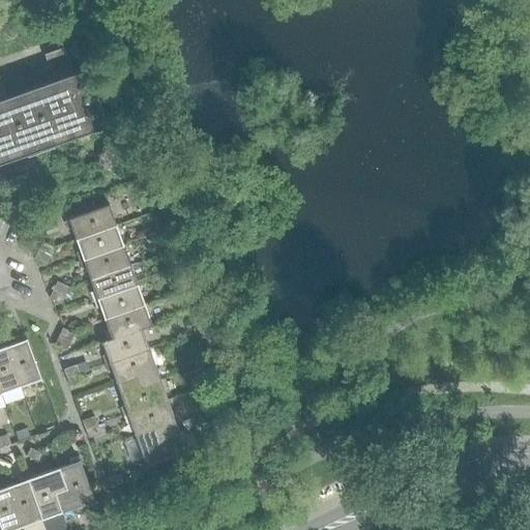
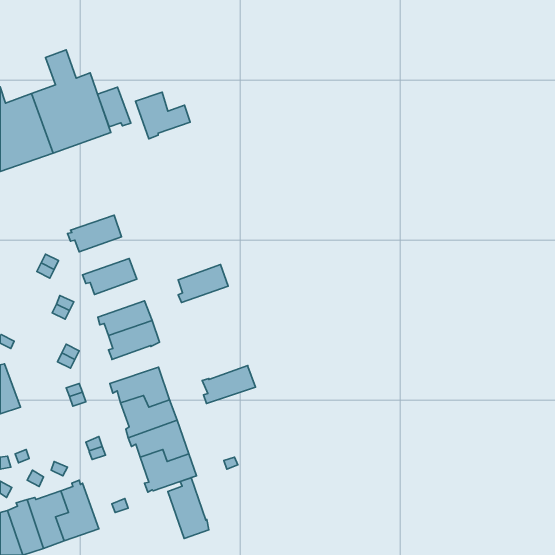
building: none -> [98,87,131,127]
building: none -> [135,92,190,139]
building: [76,226,123,262] -> none
building: [90,266,138,302] -> [178,265,228,303]
building: [100,329,151,365] -> [202,365,256,403]
building: [4,336,40,388] -> none
building: none -> [168,478,209,539]

